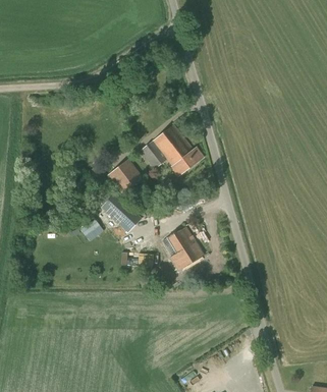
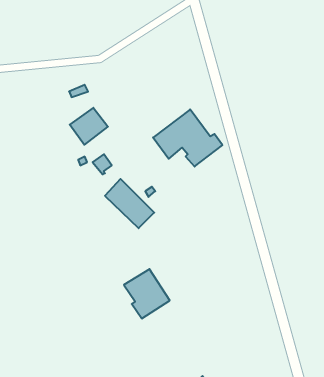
building: [108,160,143,193] -> [70,108,108,145]
building: [162,227,204,272] -> [124,269,170,318]

